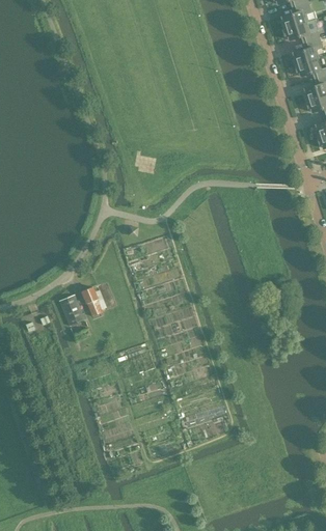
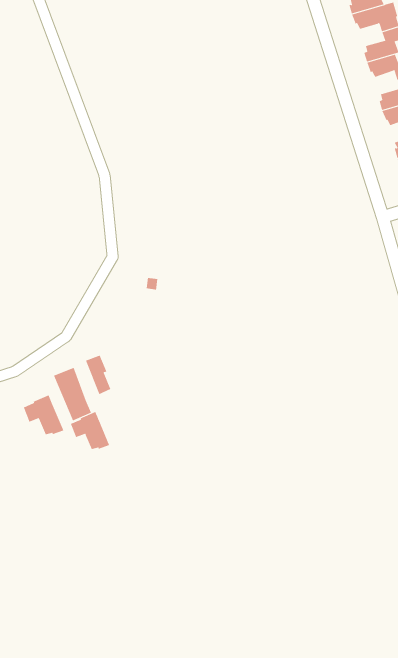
building: none -> [23,395,64,435]
building: none -> [70,411,110,450]

